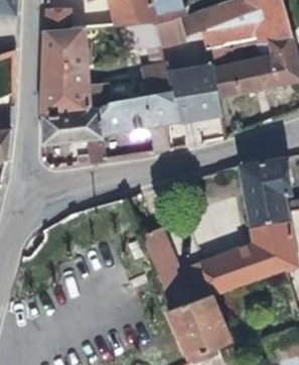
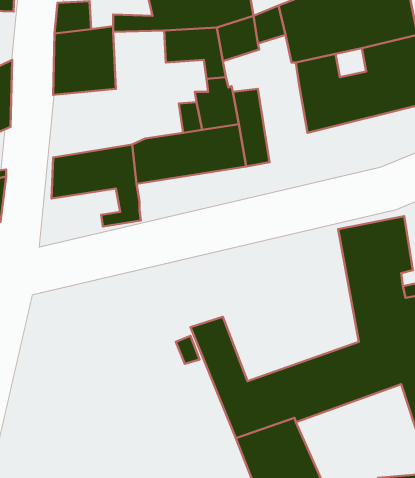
building: [185,66,221,120] -> none
building: [44,70,108,117] -> none

